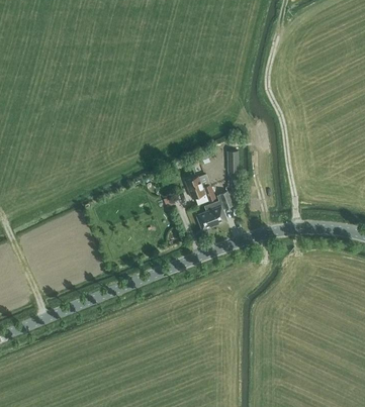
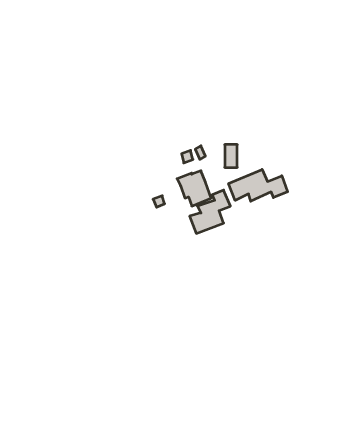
building: none -> [229,169,288,201]

